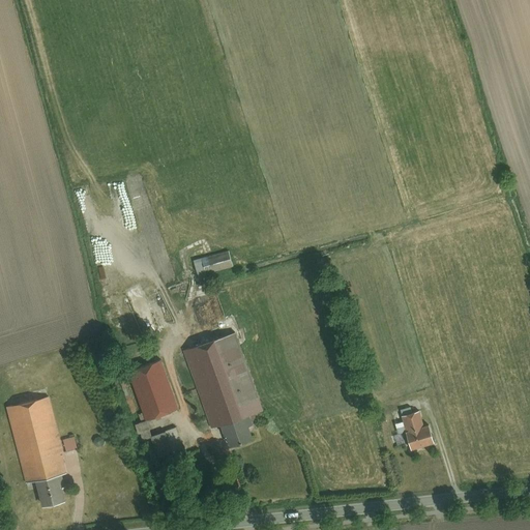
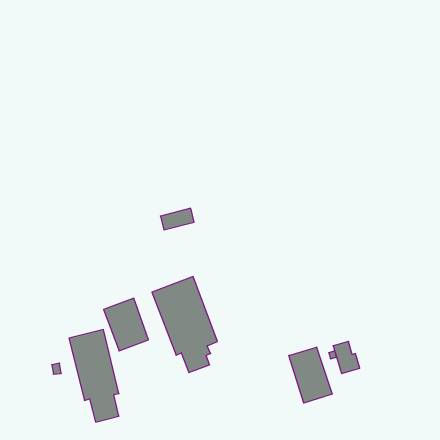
building: [7,396,67,507] -> [69,330,119,422]
building: none -> [289,347,332,403]

